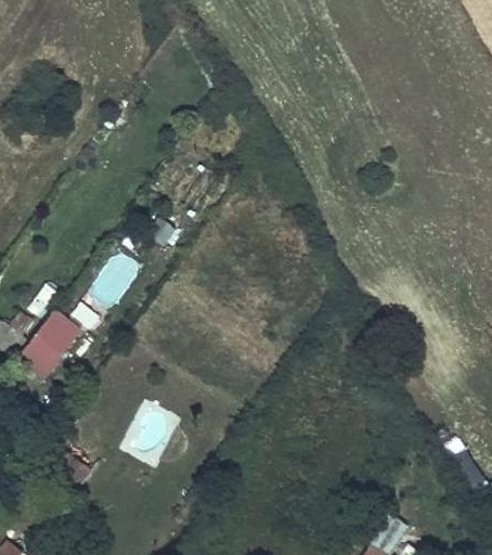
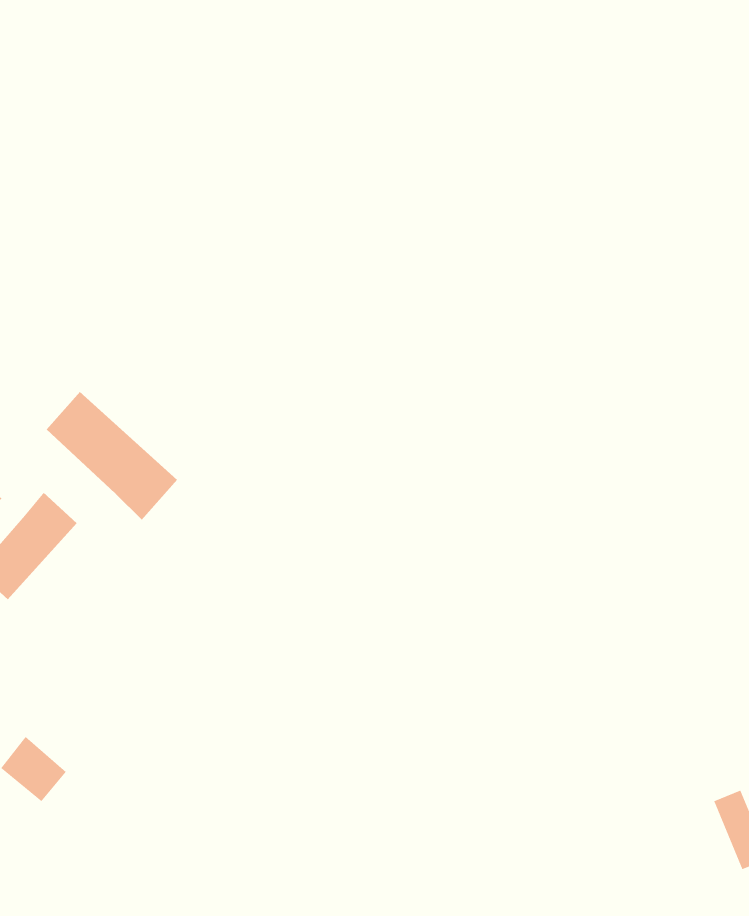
building: none -> [46,391,178,521]

